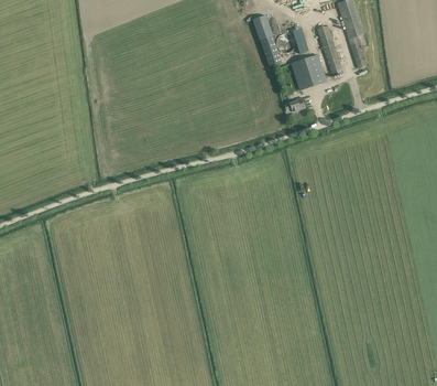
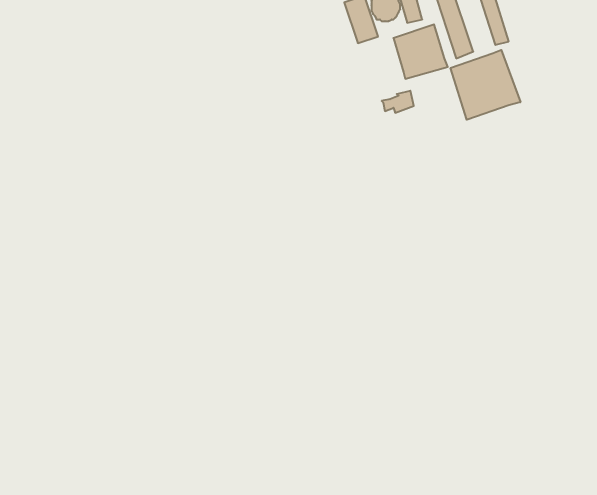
building: none -> [451,50,520,120]

